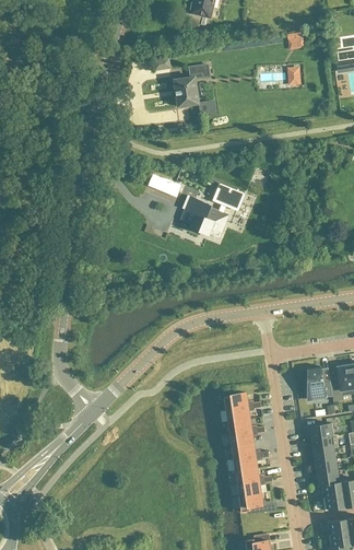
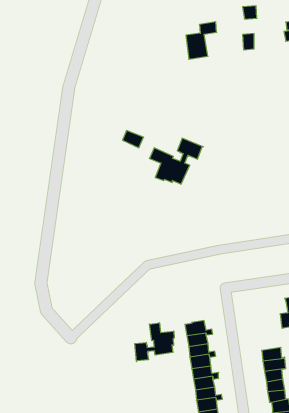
building: [175,65,210,107] -> [186,22,217,59]
building: [308,366,333,398] -> none
building: none -> [135,323,174,362]

